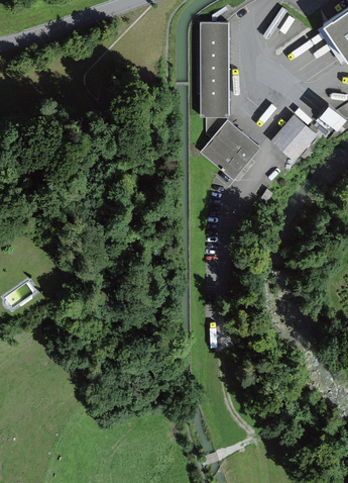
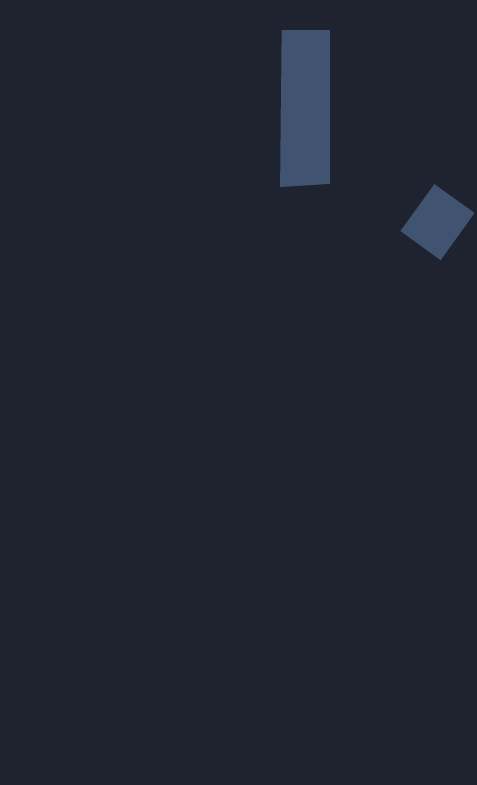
building: [204,119,260,175] -> none

